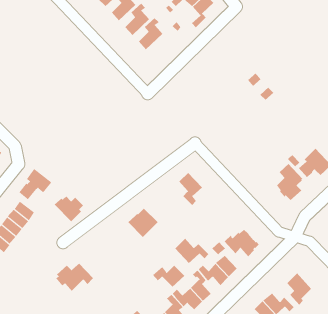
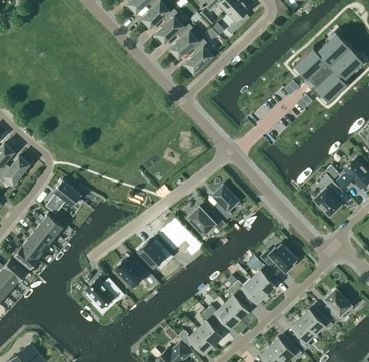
building: none -> [296,33,361,98]
building: none -> [184,38,212,72]
building: [54,196,84,222] -> [114,259,145,286]
building: none -> [139,240,173,266]
building: [175,238,209,264] -> [188,206,224,233]
building: [152,265,185,288] -> none

